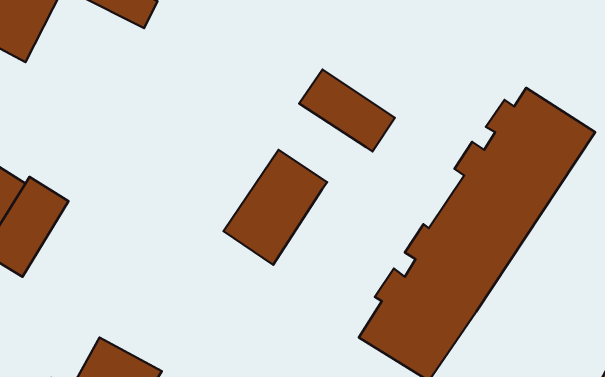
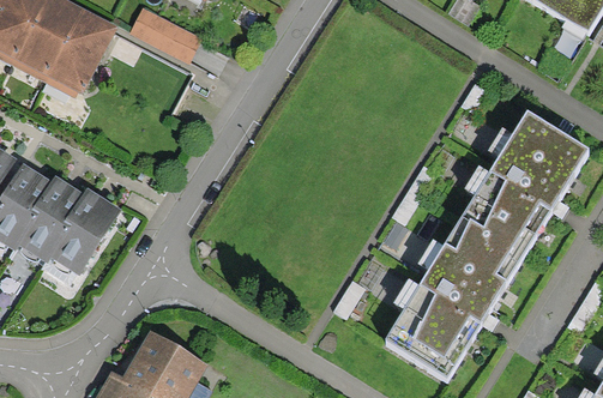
building: [299,69,395,152] -> none
building: [224,150,327,265] -> none

